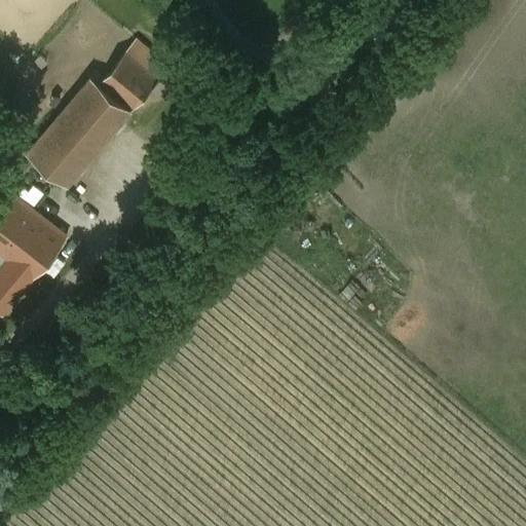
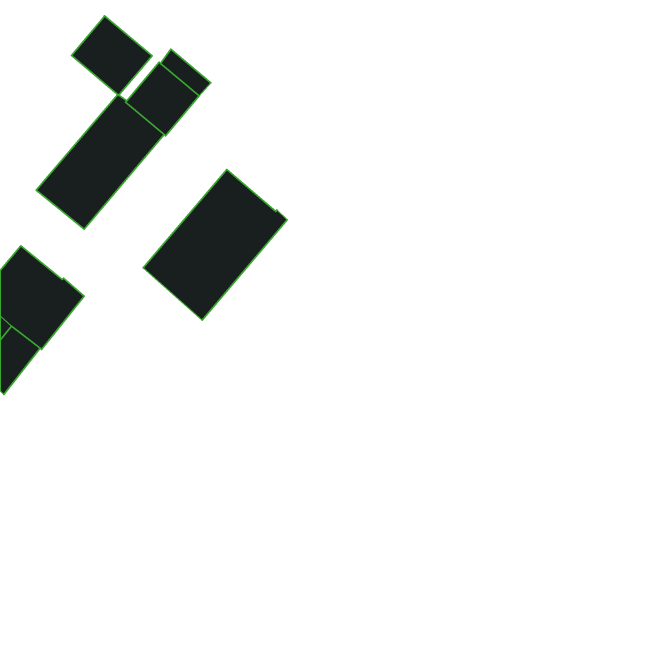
building: none -> [71,16,152,95]
building: none -> [143,169,287,320]

